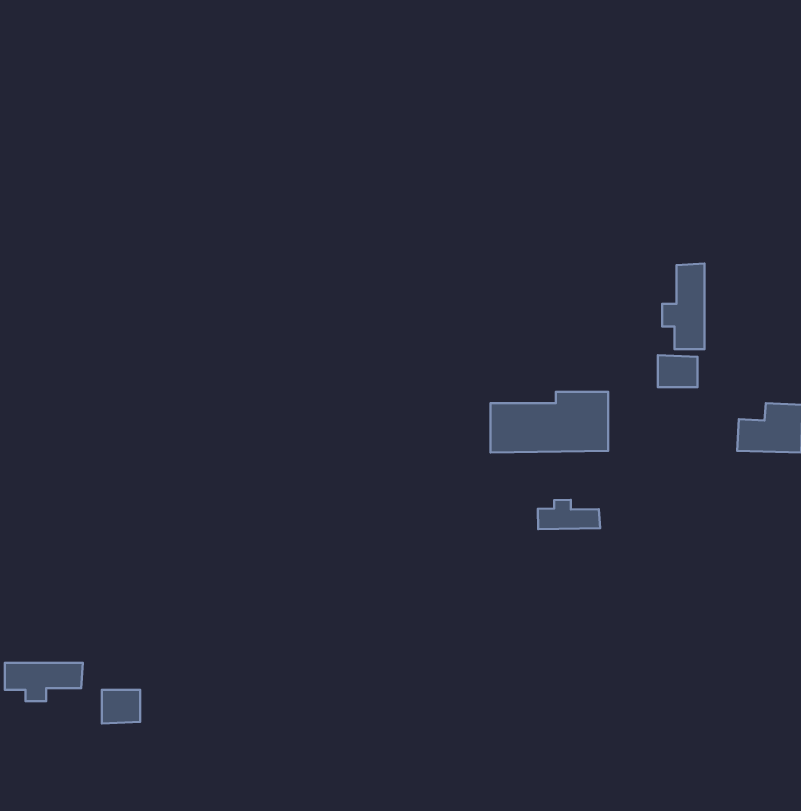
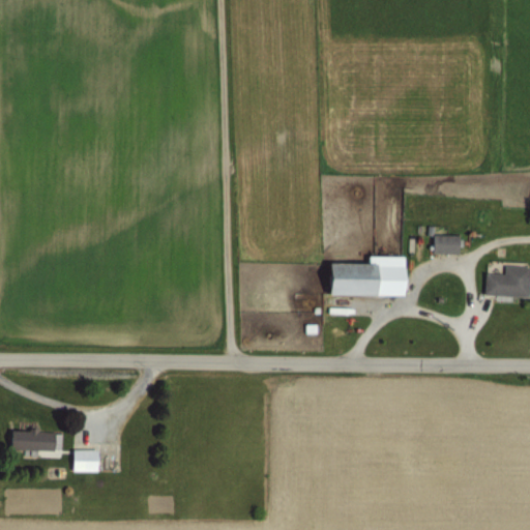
building: [662,264,705,349] -> none
building: [538,500,600,529] -> none

